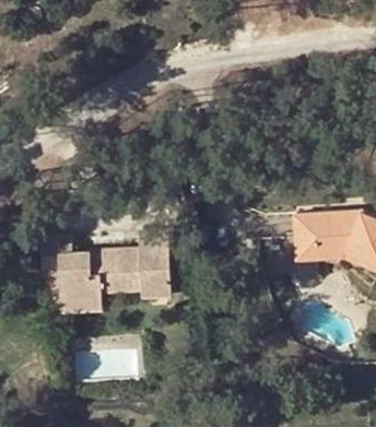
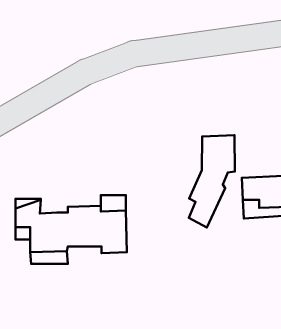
building: none -> [189,135,235,228]

